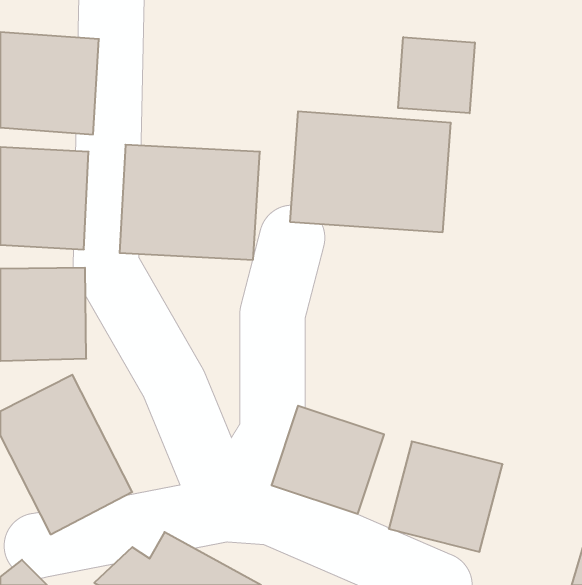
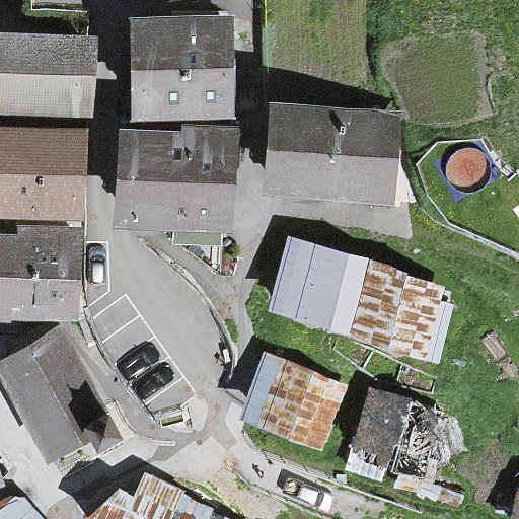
building: none -> [123,10,233,120]
building: [398,37,475,113] -> none
building: none -> [268,241,458,363]

